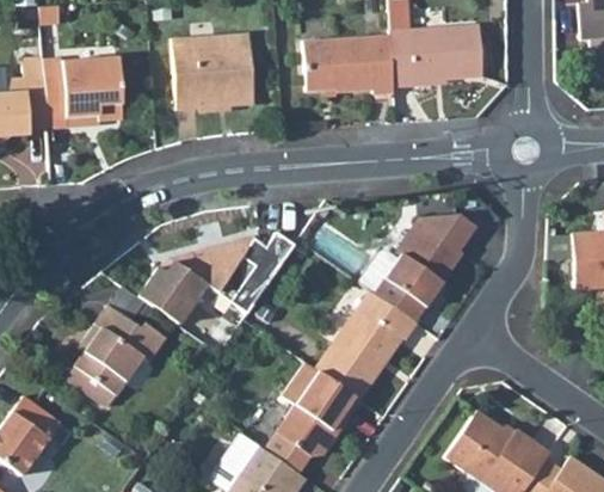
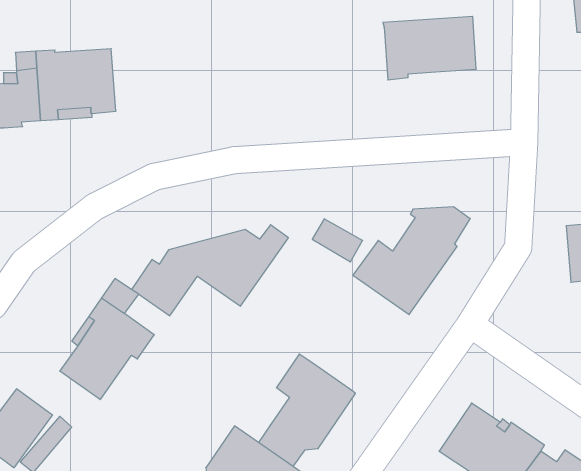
building: [171,32,254,109] -> none
building: [304,35,394,94] -> none
building: [316,290,415,398] -> none

